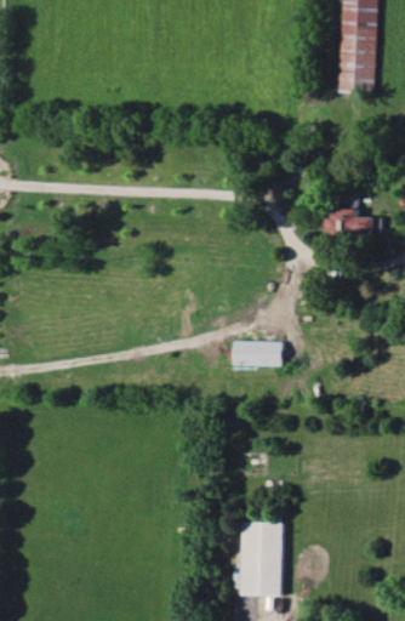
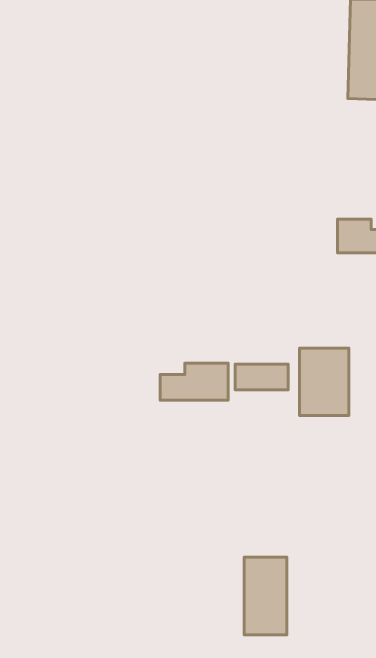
building: none -> [300,348,349,415]
building: none -> [160,363,228,400]

